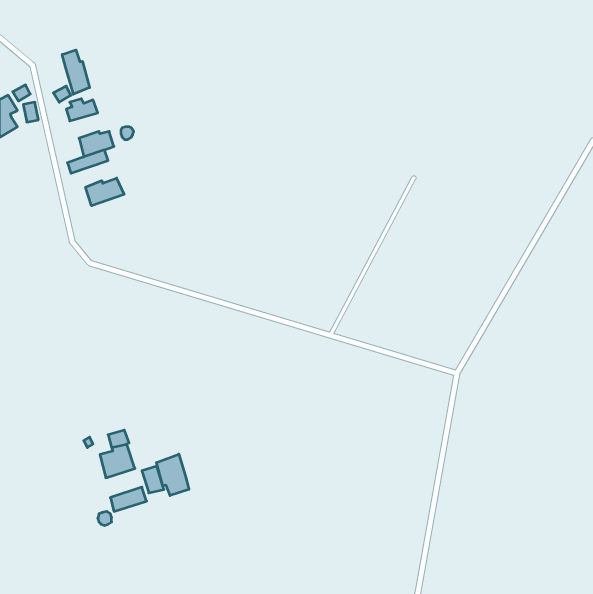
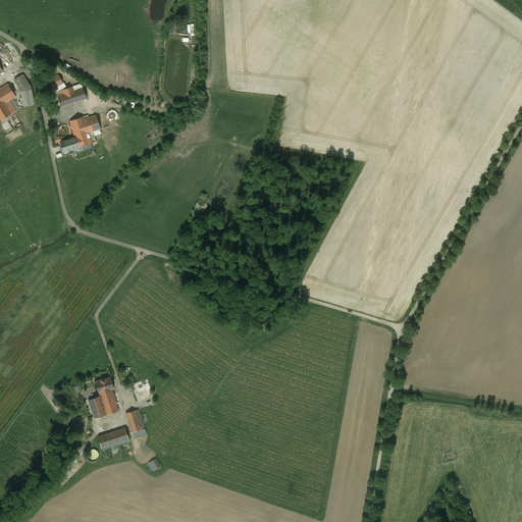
building: [62,50,90,94] -> none
building: [86,178,124,206] -> none
building: [156,454,189,496] -> none

